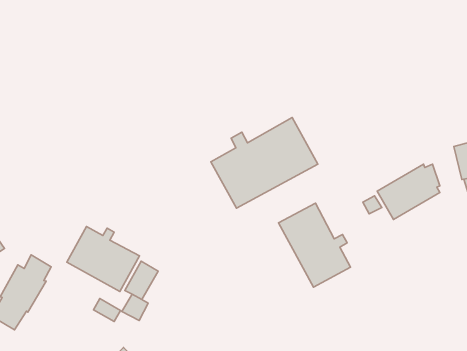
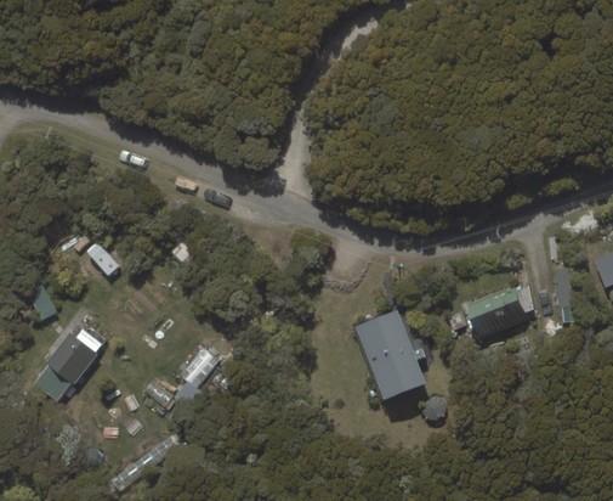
building: [211,117,318,208] -> none
building: [67,226,139,292] -> none

